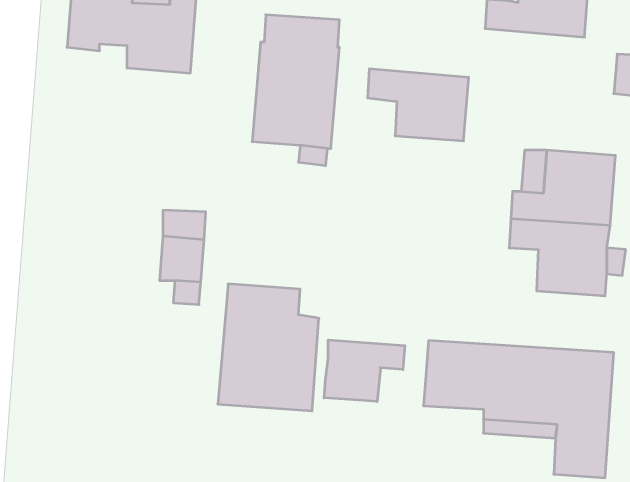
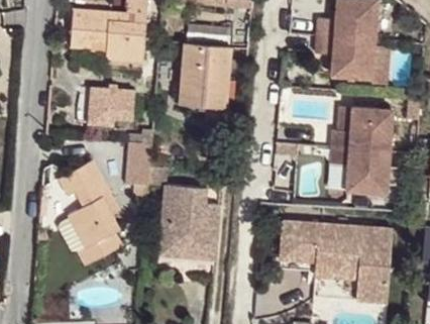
building: [368,69,469,141] -> [316,35,375,78]
building: none -> [92,88,137,125]
building: none -> [57,160,123,265]
building: [324,340,405,402] -> none

